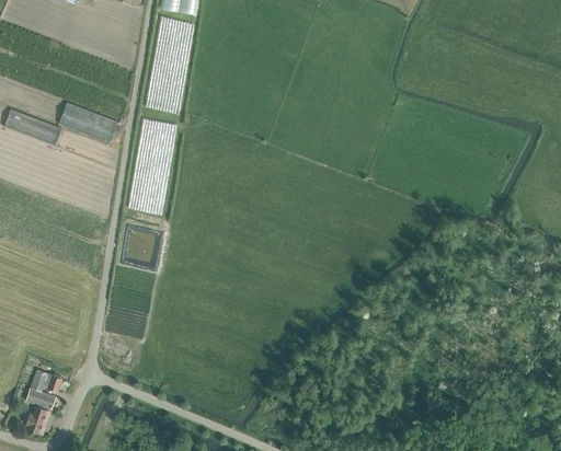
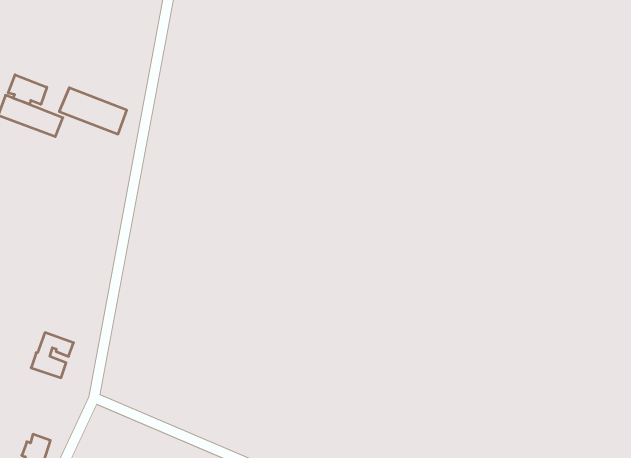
building: none -> [8,75,47,104]
building: [24,370,61,409] -> [31,333,74,378]

